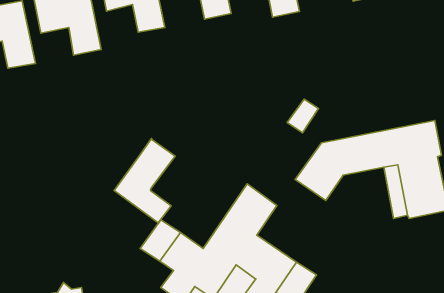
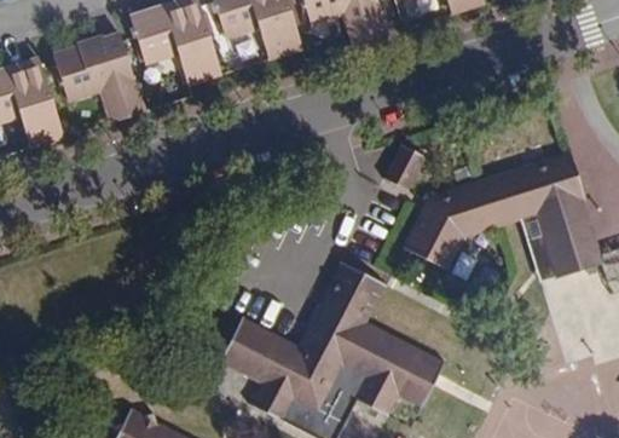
building: [114,139,175,223] -> none

